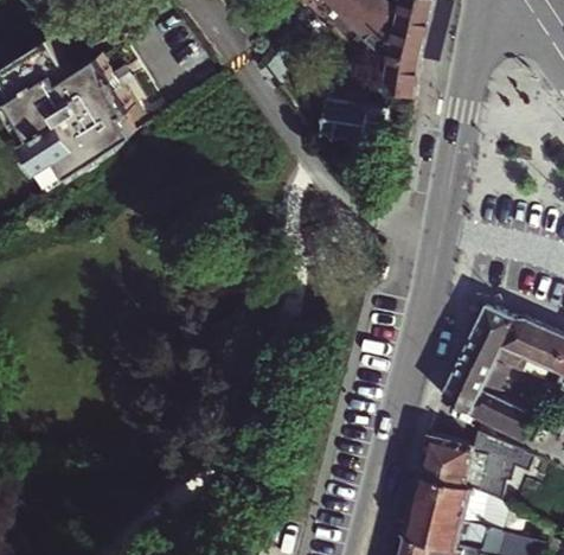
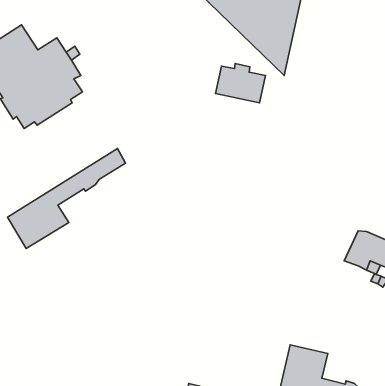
building: none -> [7,148,125,249]
building: [444,307,537,441] -> none
building: [418,435,534,503] -> none

